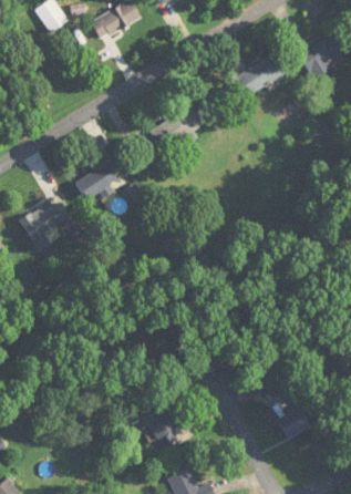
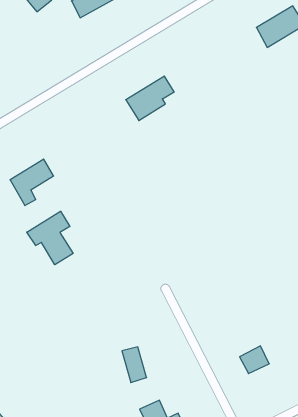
building: [236,50,290,95] -> none
building: [74,162,117,198] -> none
building: none -> [27,211,73,265]

